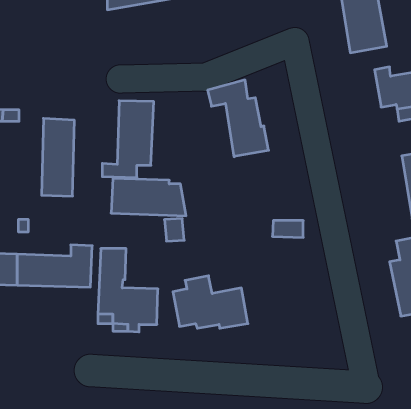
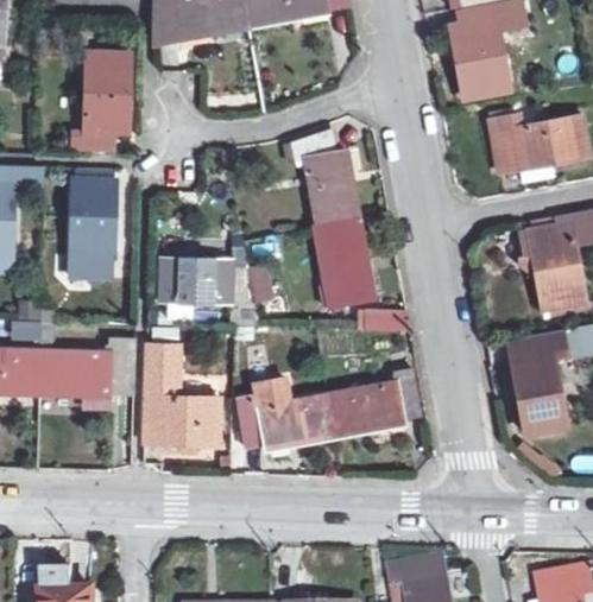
building: [102,101,154,177] -> [65,52,131,150]
building: none -> [317,220,371,308]
building: none -> [324,369,423,439]

